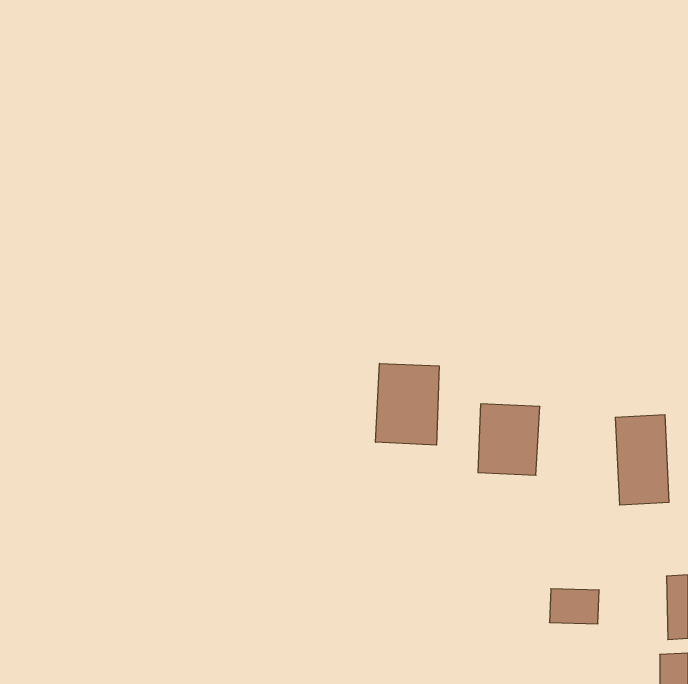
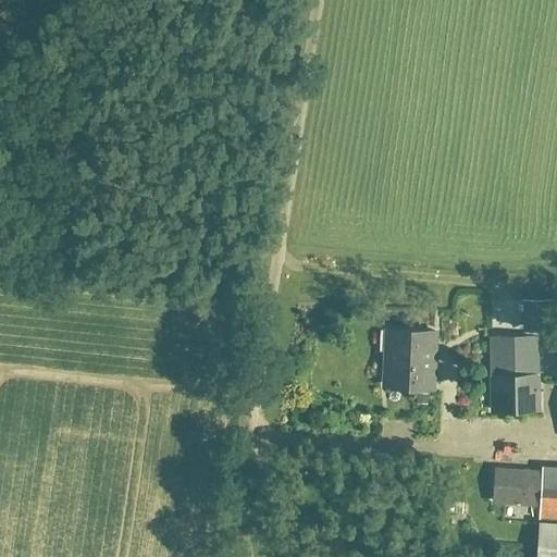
building: [376,363,439,445] -> none
building: [549,589,599,624] -> [498,474,539,503]

